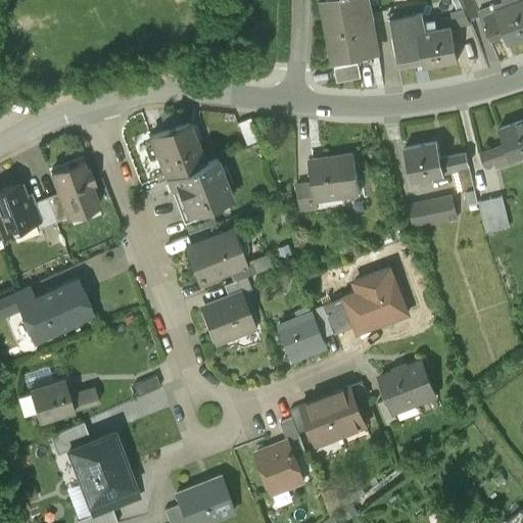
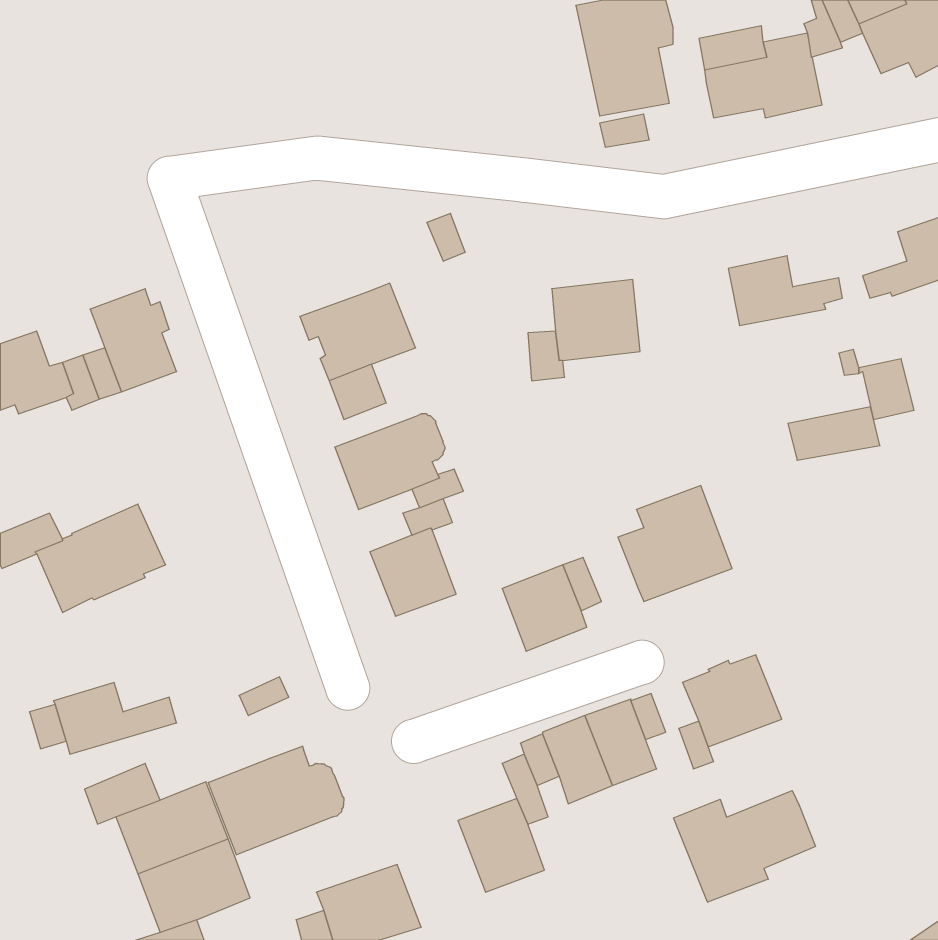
building: [152,123,204,176] -> none
building: [411,198,462,228] -> [788,407,880,460]
building: [324,298,355,335] -> none
building: none -> [208,746,344,855]
building: none -> [674,791,815,902]

